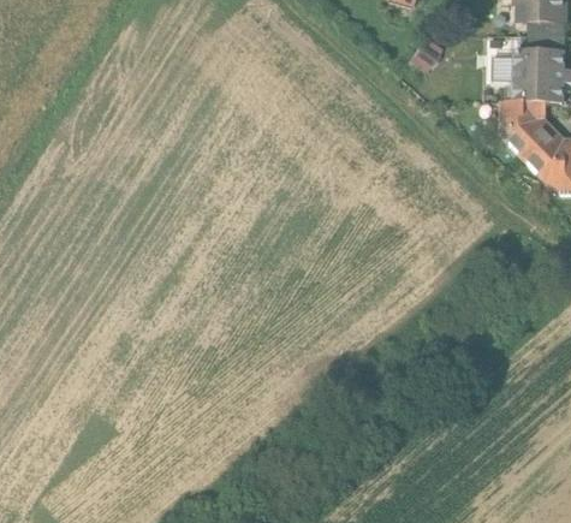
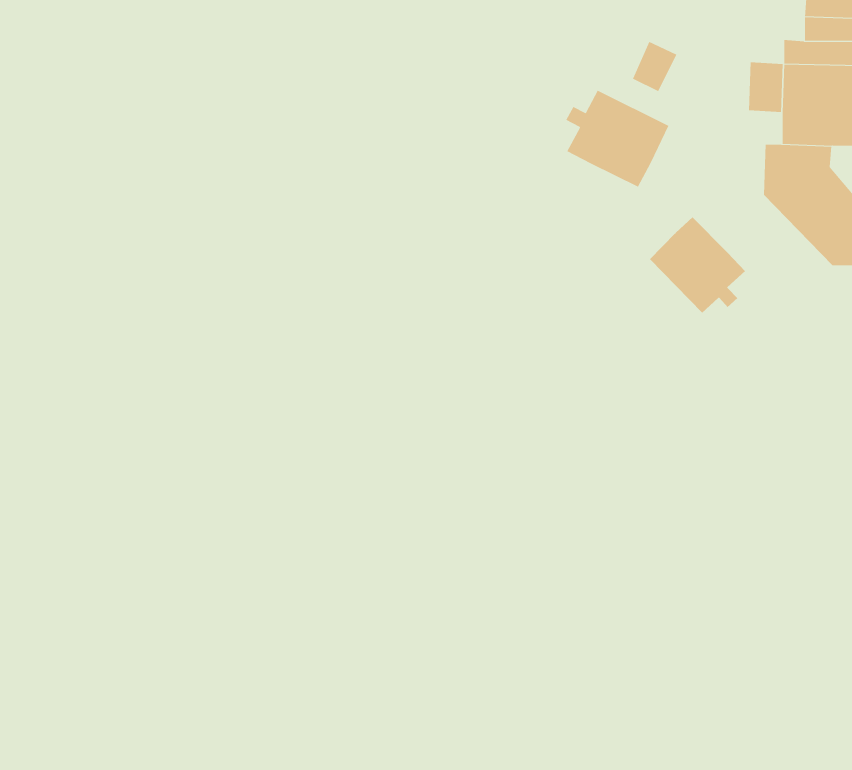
building: none -> [566,90,669,187]
building: none -> [649,217,746,314]

